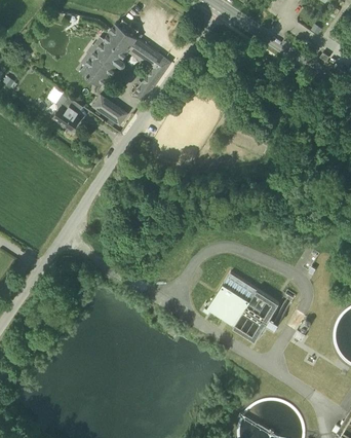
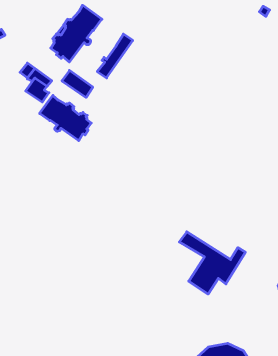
building: [128,39,161,69] -> none
building: none -> [40,95,91,141]
building: [207,285,250,327] -> none

